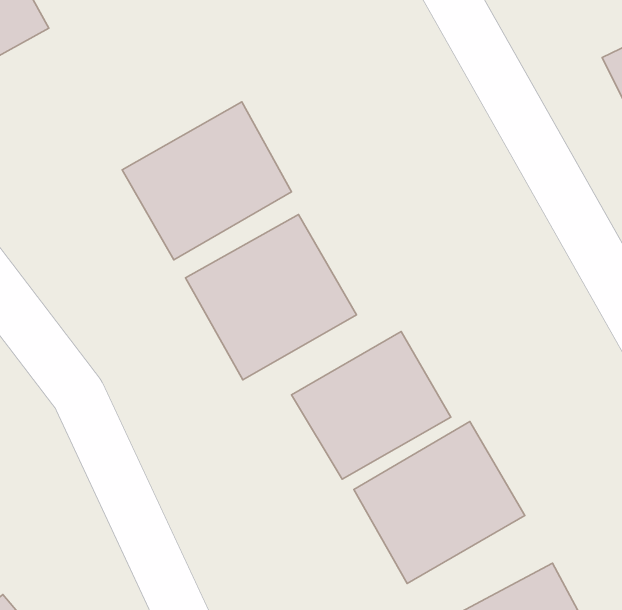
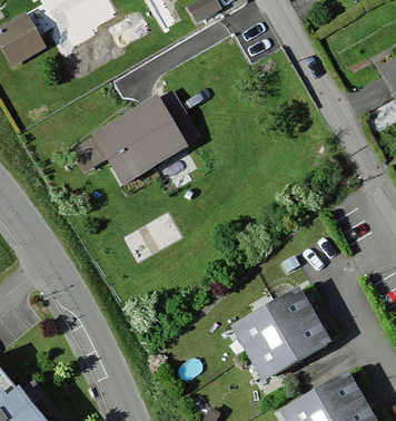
building: [186,215,357,380] -> none
building: [292,331,451,479] -> none

